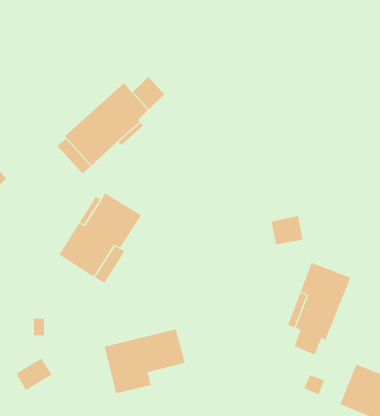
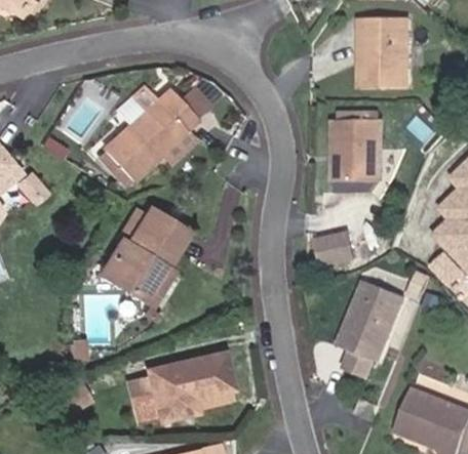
building: none -> [360,18,411,90]
building: none -> [338,120,382,182]
building: none -> [127,378,158,425]

